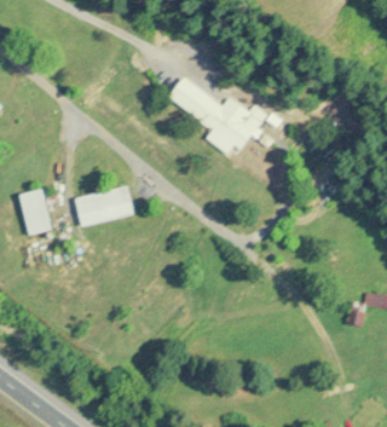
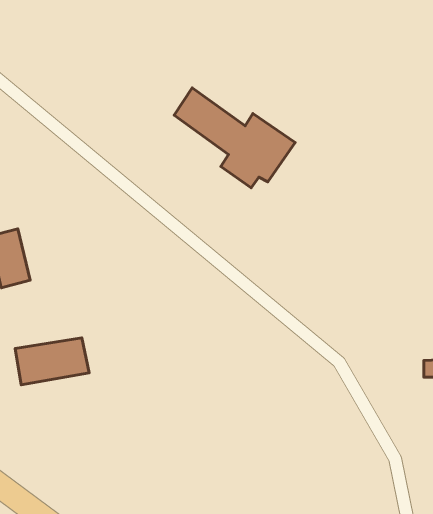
building: [75,189,134,226] -> [15,338,89,385]

